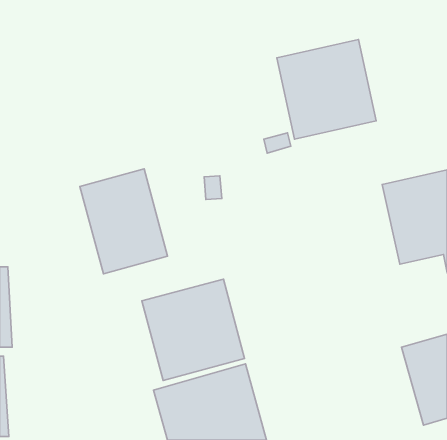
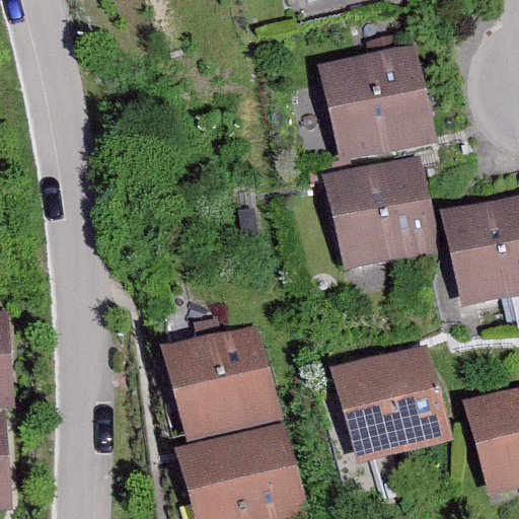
building: none -> [323,155,439,268]
building: [80,169,168,274] -> none
building: none -> [332,347,451,463]

